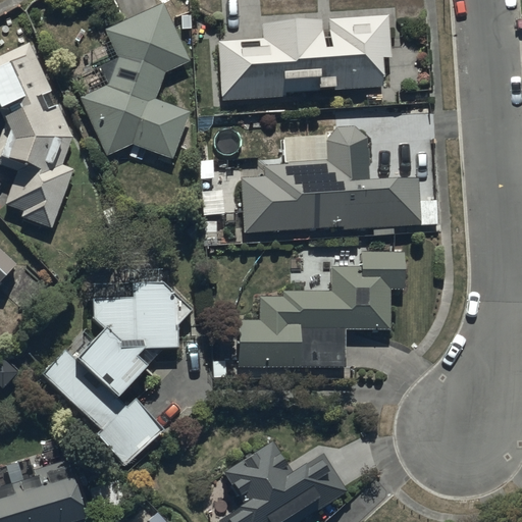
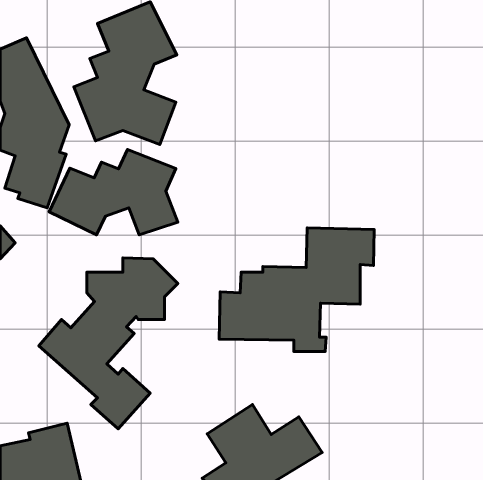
building: [217,12,392,102] -> none
building: [245,126,437,237] -> none
building: none -> [49,149,178,235]

